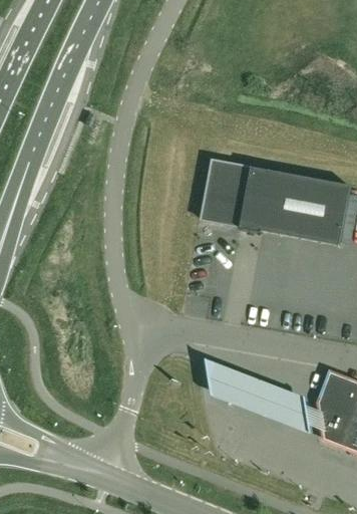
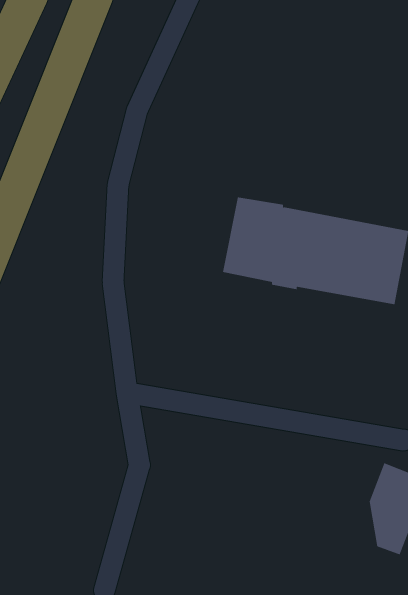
building: [207,358,312,434] -> none

